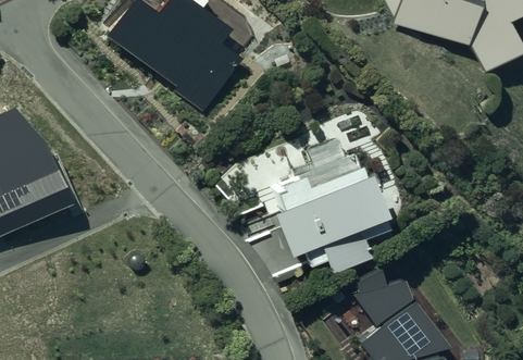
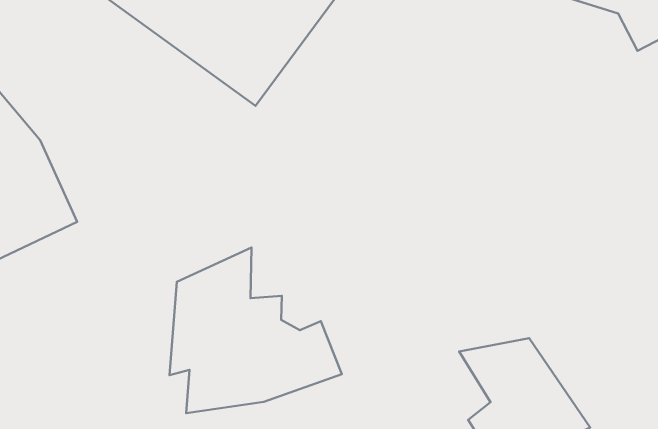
building: [273,144,391,269] -> none
building: none -> [170,247,342,413]

